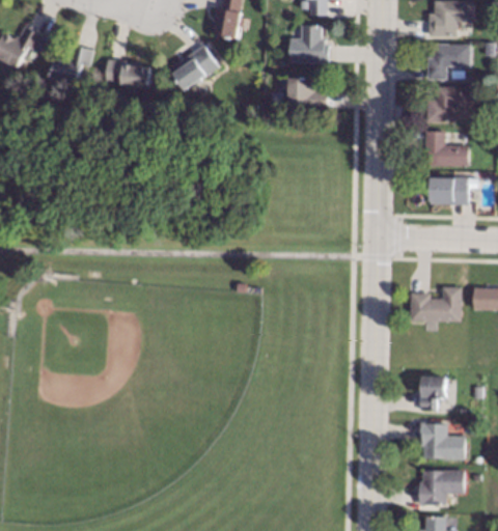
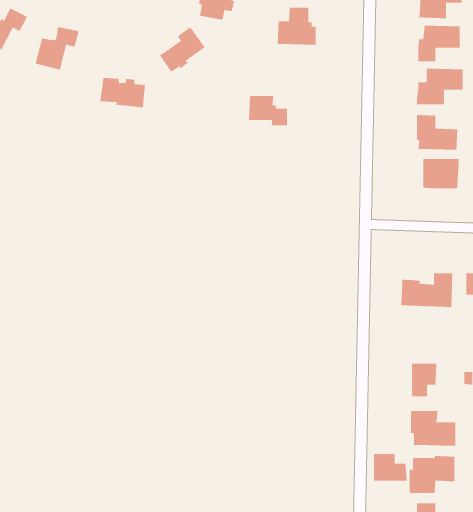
building: [104,58,149,89] -> [100,76,146,108]
building: [286,78,326,108] -> [248,95,288,126]
building: none -> [373,453,407,482]

